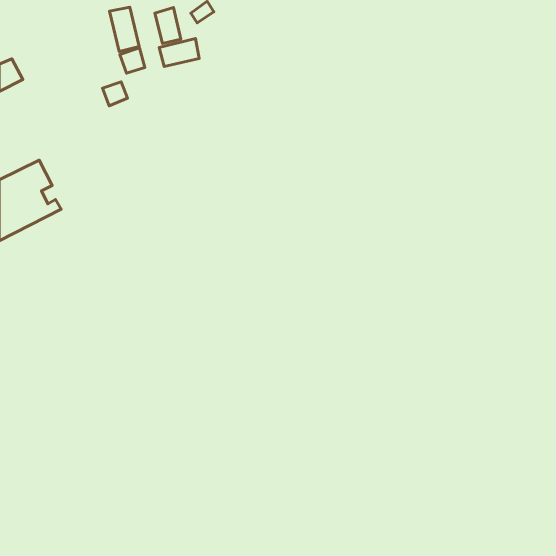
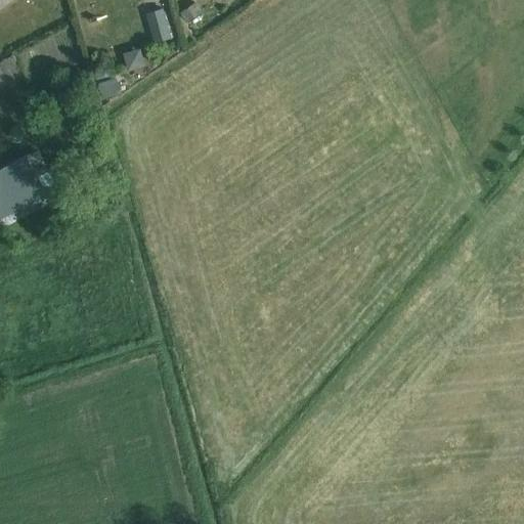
building: [109,7,139,52] -> none
building: [159,39,199,67] -> none

